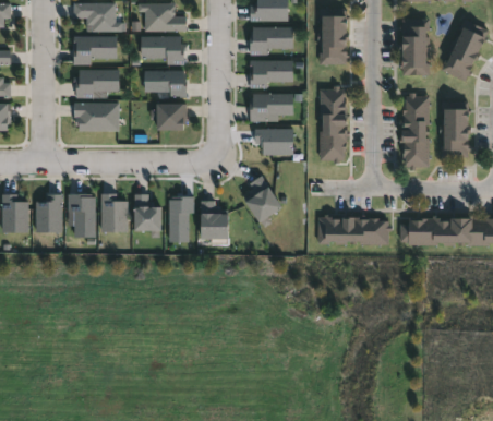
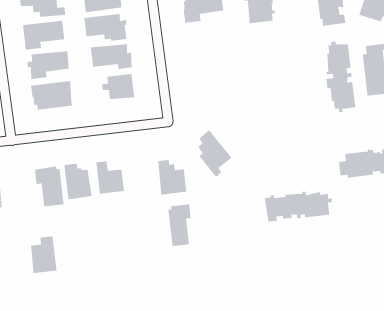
building: [251,60,294,88] -> none
building: [317,85,346,163] -> none
building: [250,93,294,122] -> none
building: [255,128,294,155] -> none
building: [36,193,63,232] -> [30,235,57,274]
building: [169,196,194,241] -> [167,204,192,247]
building: [317,215,392,244] -> [264,191,333,222]

